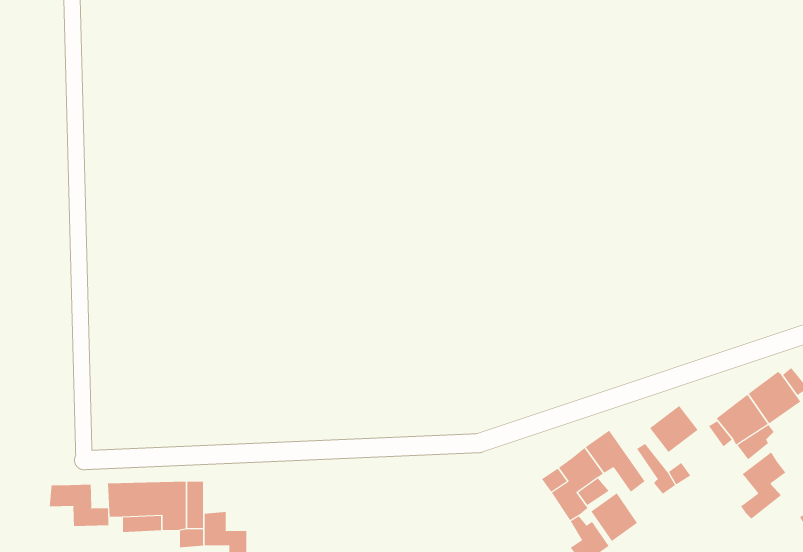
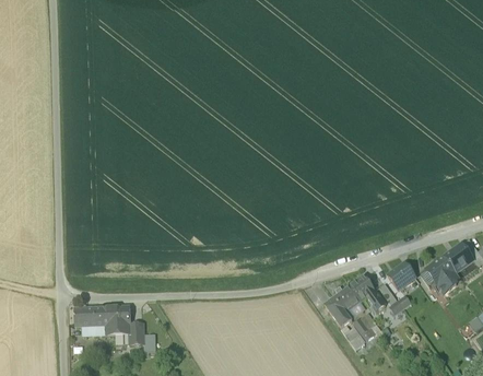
building: [740,452,786,519] -> none
building: [49,484,109,527] -> none

